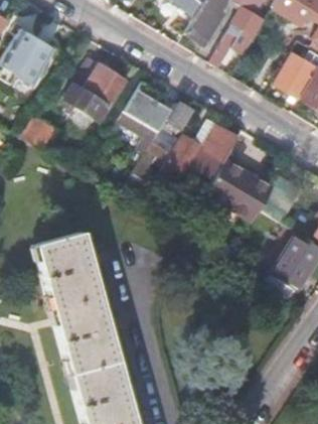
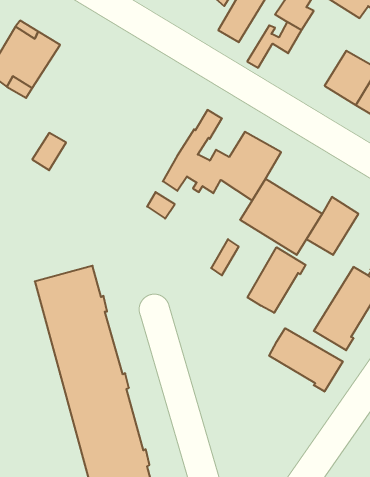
building: [64,56,125,118] -> none
building: [120,82,171,140] -> none
building: none -> [248,247,306,313]
building: none -> [269,328,343,392]

